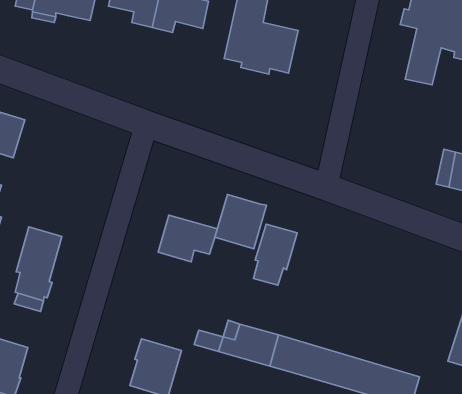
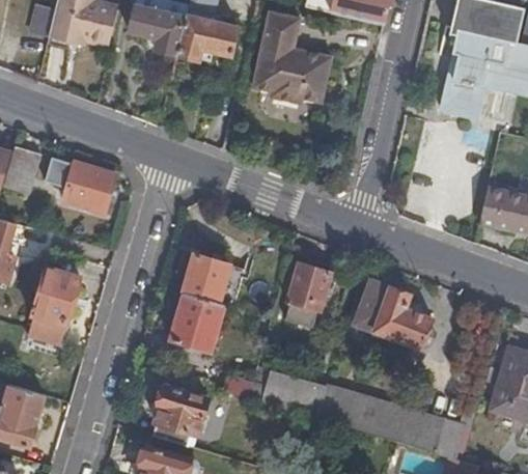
building: none -> [46,158,115,212]
building: [215,194,266,249] -> [169,292,224,351]
building: none -> [355,280,433,347]

